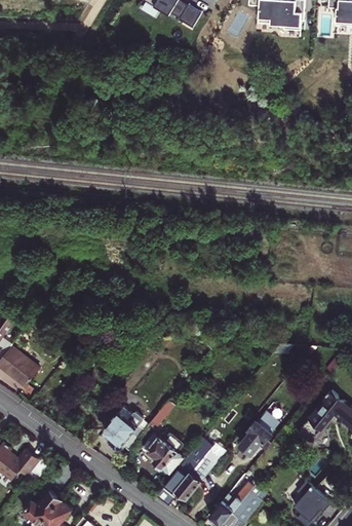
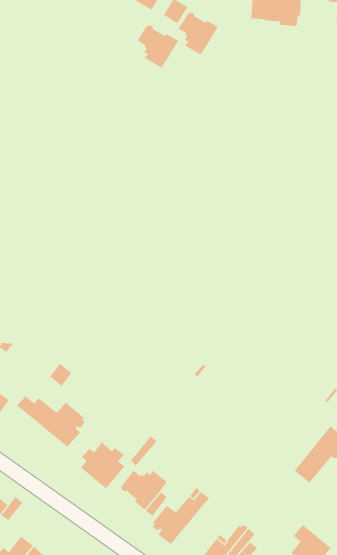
building: none -> [178,12,219,55]
building: none -> [137,25,179,68]
building: none -> [16,395,86,447]
building: [239,420,272,454] -> none

